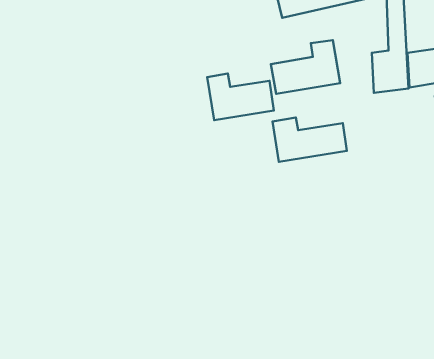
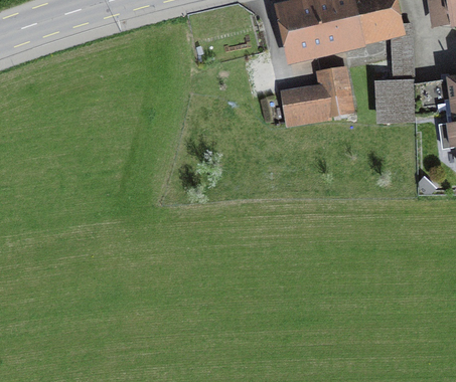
building: [207,73,274,120] -> none
building: [273,117,347,162] -> none

